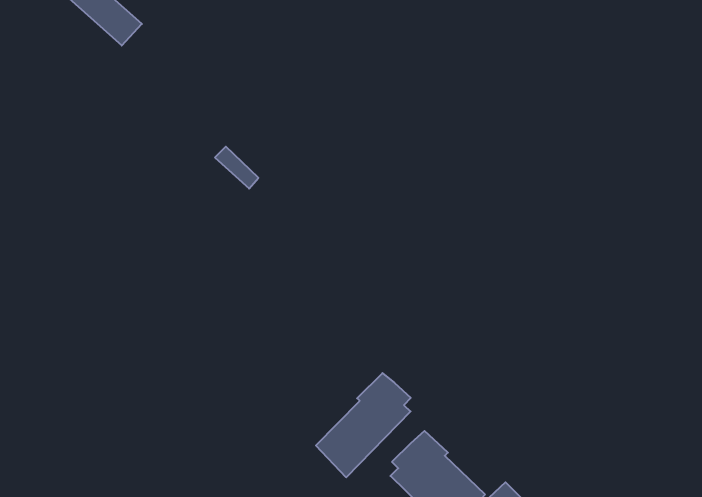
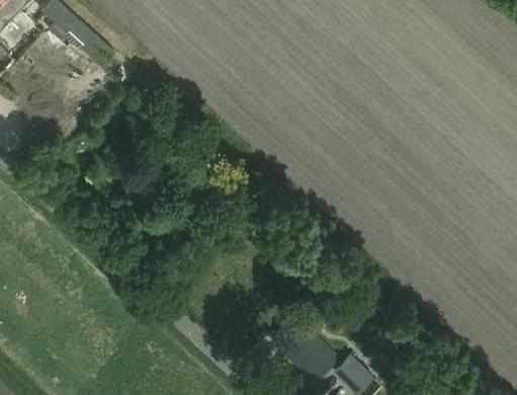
building: [316,373,411,477] -> none

